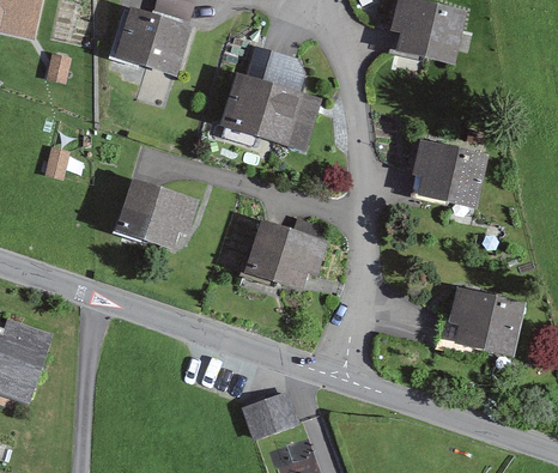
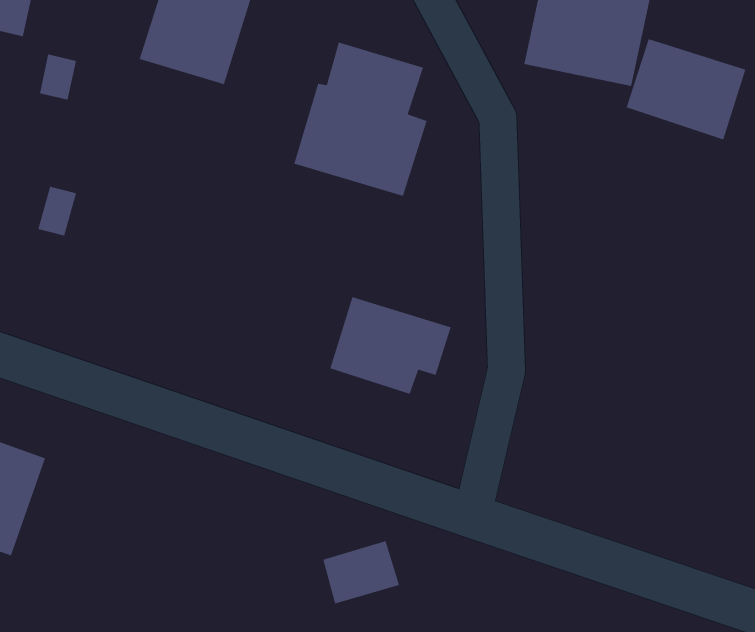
building: [400,142,484,213] -> [626,39,746,140]
building: [114,176,202,248] -> none
building: [441,291,527,356] -> none

